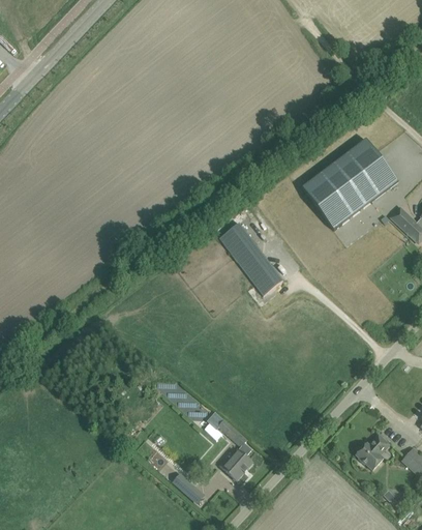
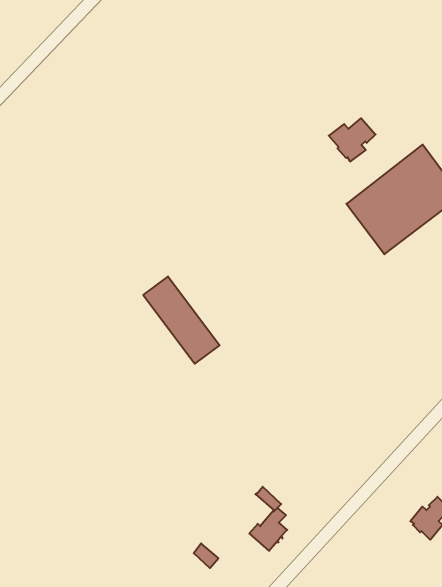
building: none -> [329,118,376,162]
building: [219,222,283,295] -> [143,276,220,364]

